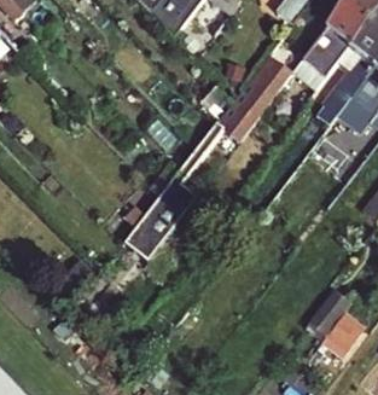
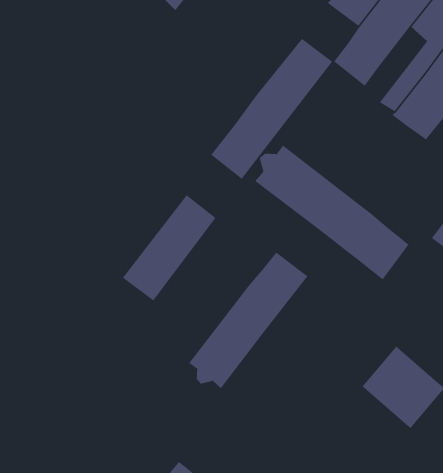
building: none -> [254,145,410,281]
building: none -> [188,252,309,389]

